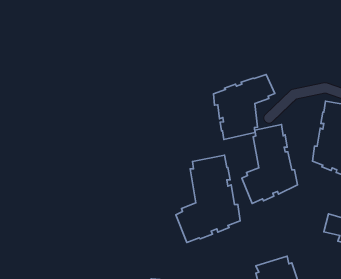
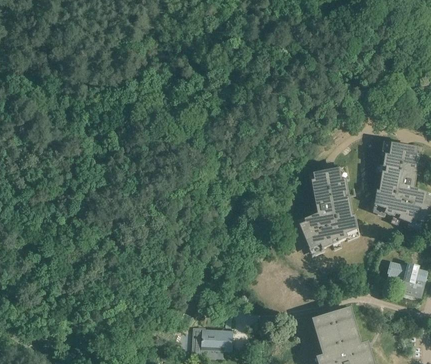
building: [214,75,275,139] -> none
building: [176,155,240,242] -> none

